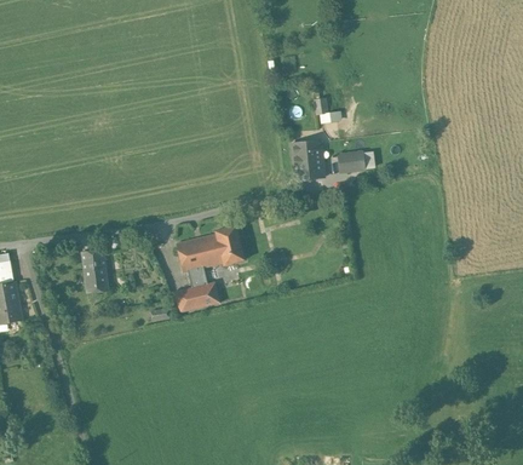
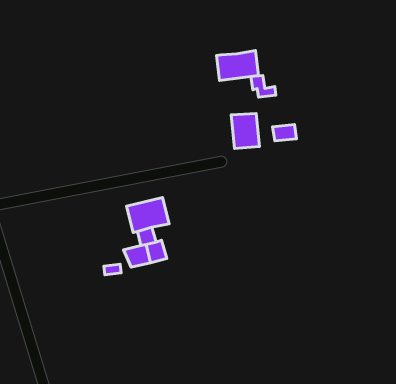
building: none -> [216,51,258,81]
building: [214,226,243,268] -> none
building: [80,252,107,294] -> none

